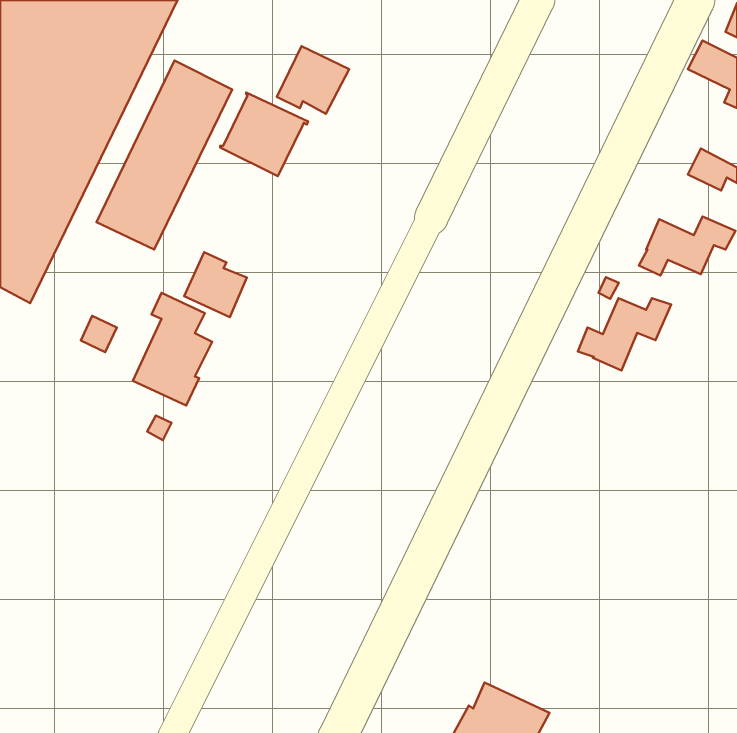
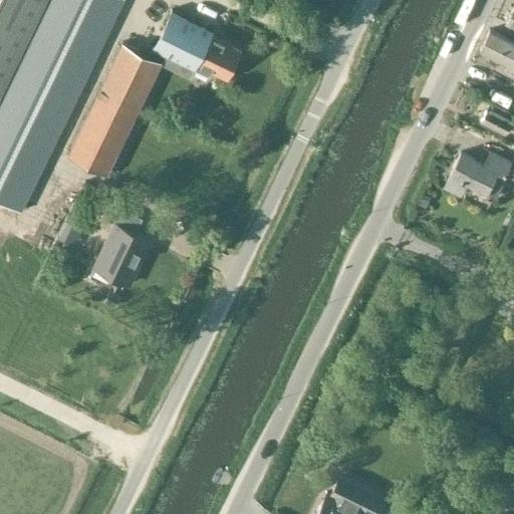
building: [220,93,308,176] -> [153,12,214,70]
building: [184,252,247,317] -> none
building: [578,298,671,371] -> none

